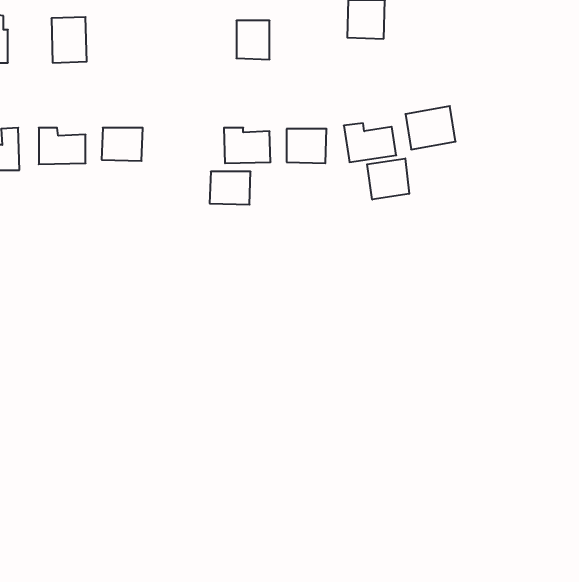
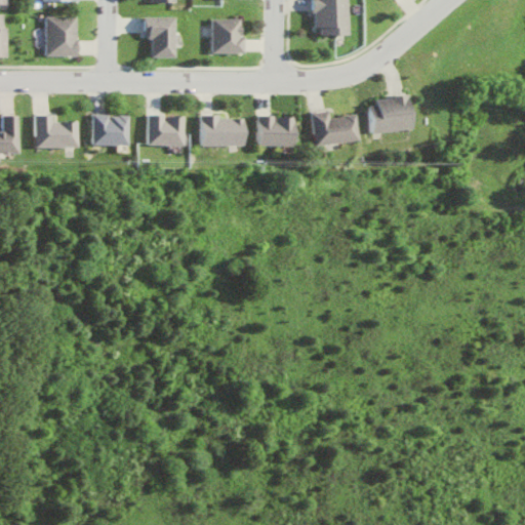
building: none -> [144,17,174,58]
building: [367,158,409,200] -> none
building: [210,172,251,205] -> [147,117,184,147]

